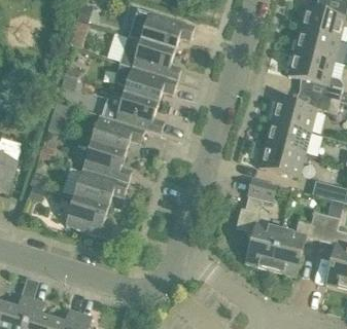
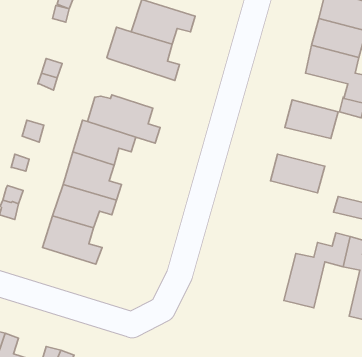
building: [116,64,177,106] -> none
building: [265,122,310,155] -> none
building: [238,180,280,269] -> none

